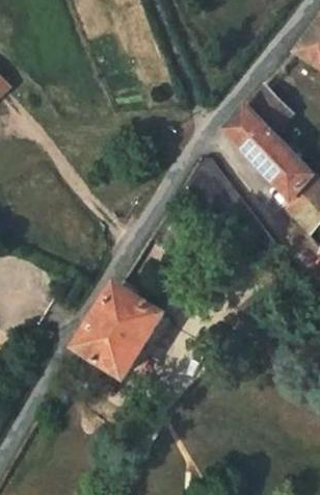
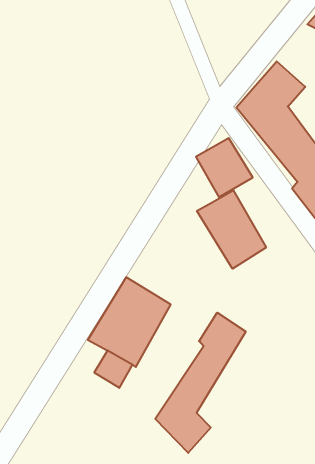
building: none -> [197,190,266,269]
building: none -> [155,313,246,453]

